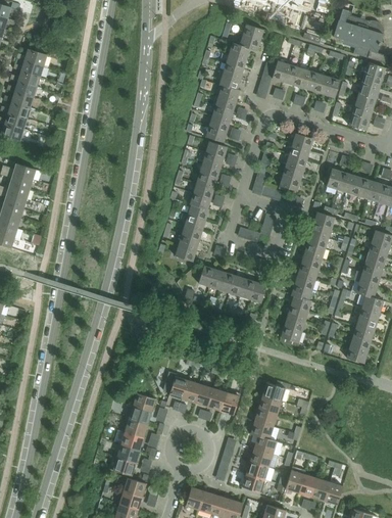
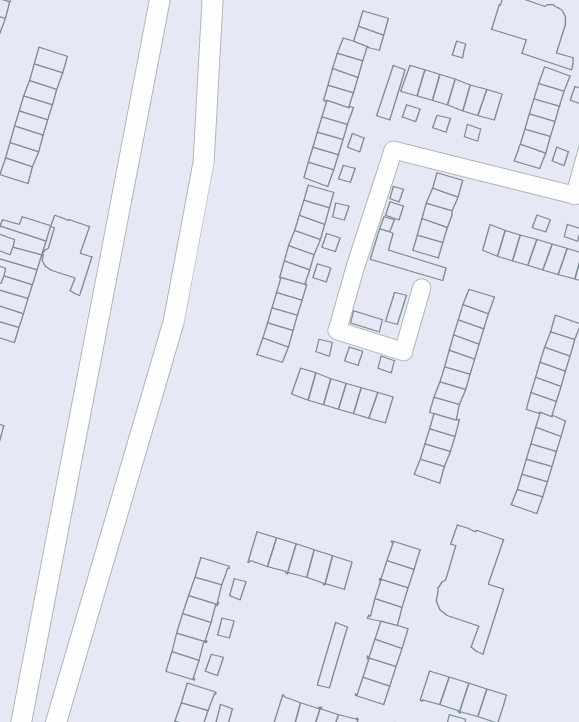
building: none -> [42,215,92,296]
building: none -> [437,525,504,654]

